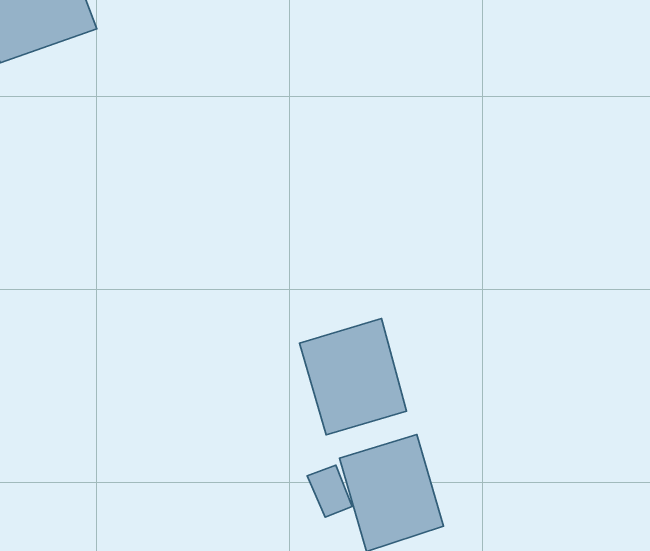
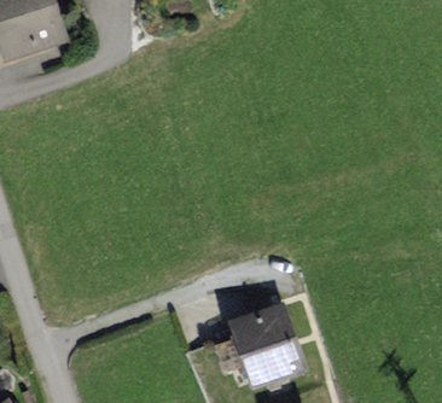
building: [300,319,406,435] -> none

